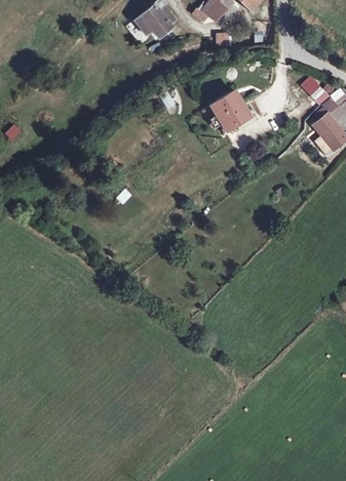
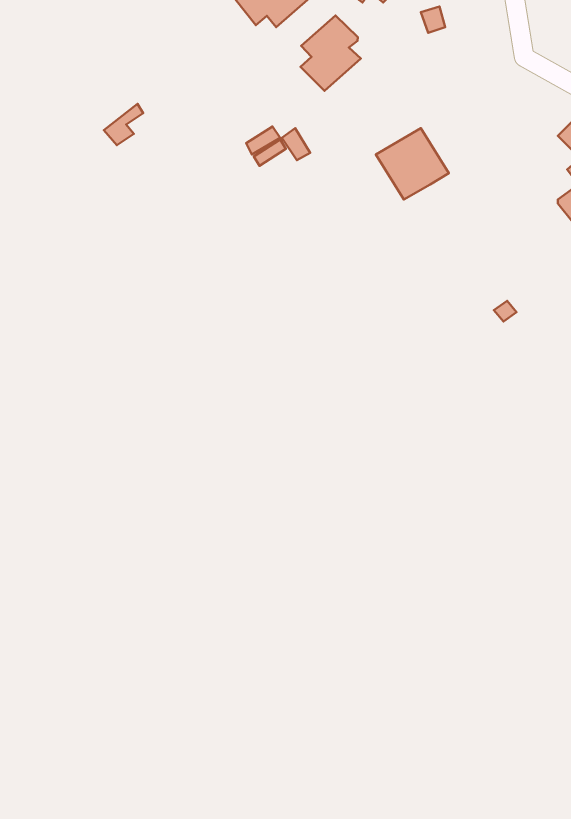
building: none -> [301,15,361,91]

